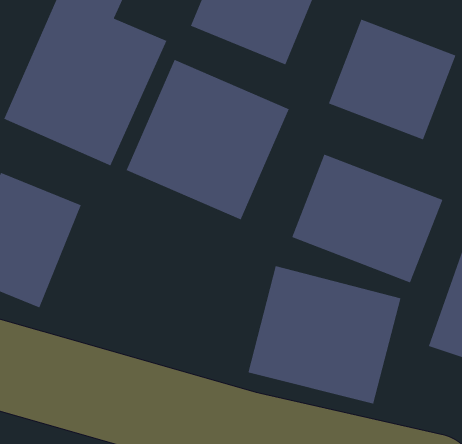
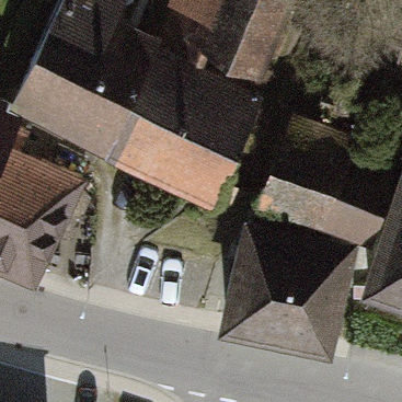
building: [328,19,456,141] -> none

